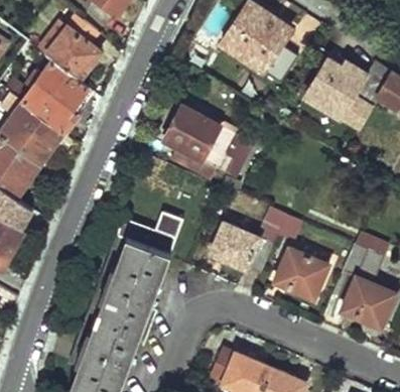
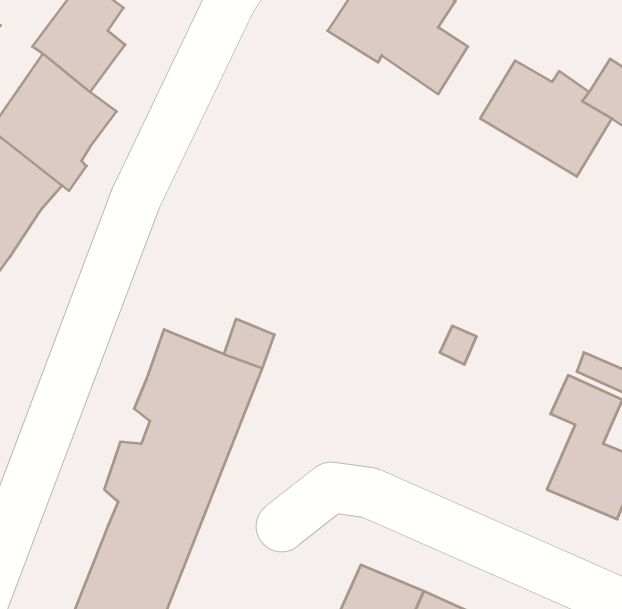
building: [160,105,250,177] -> none
building: [209,220,273,274] -> none
building: [274,245,325,296] -> none

